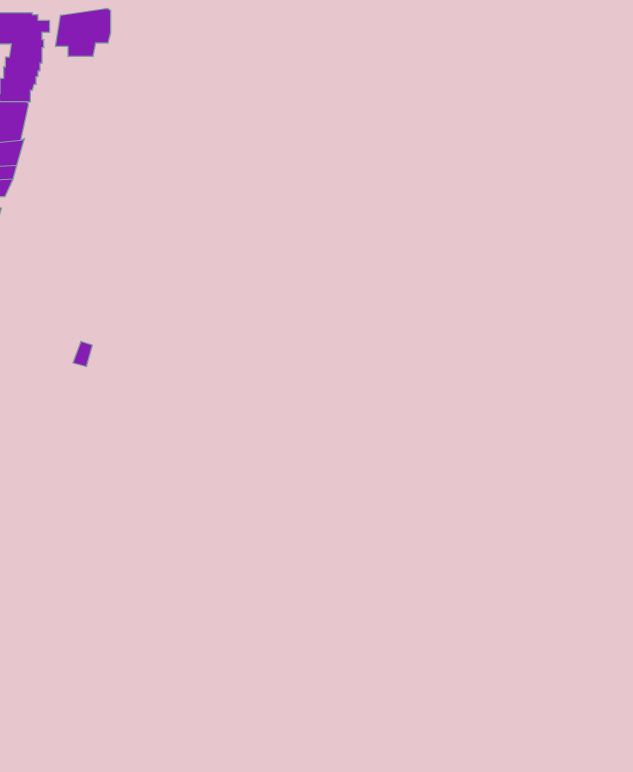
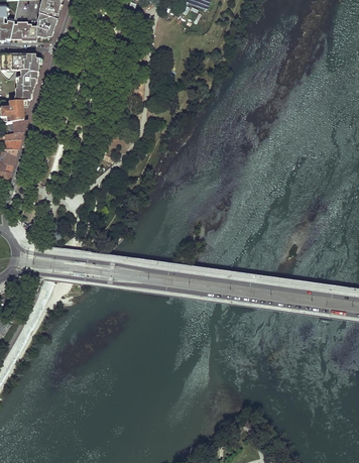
building: [56,8,110,57] -> none

